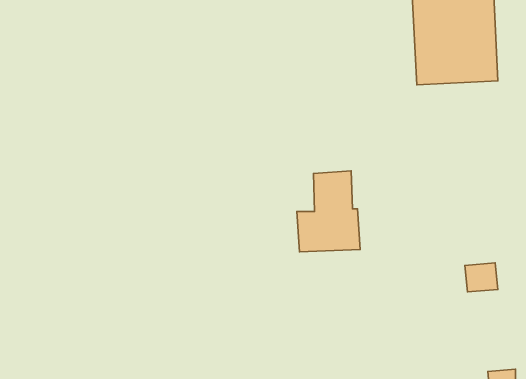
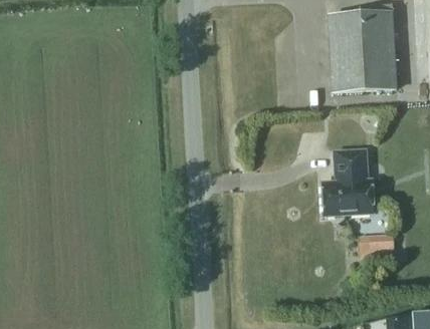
building: [297,171,360,252] -> [321,150,372,215]

